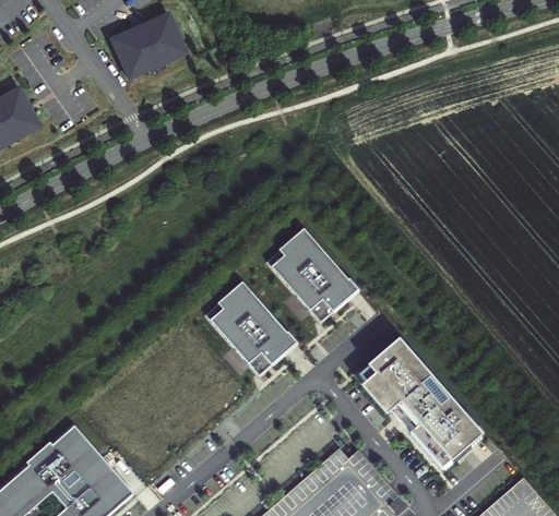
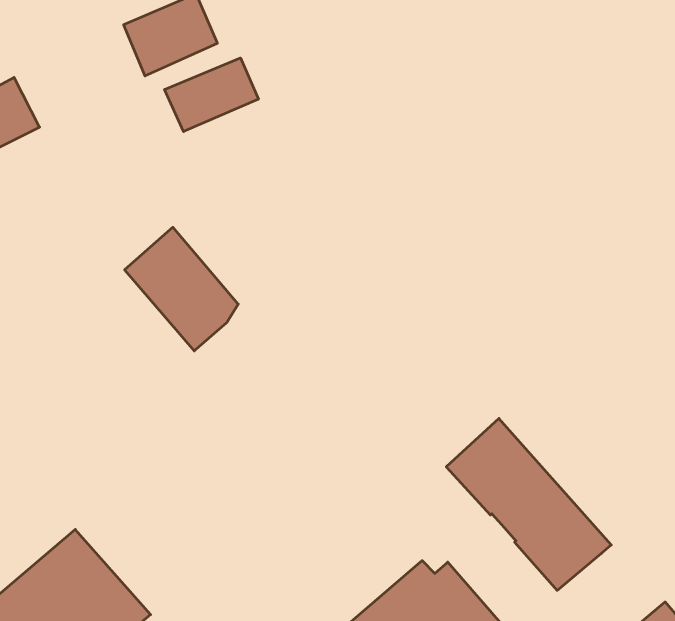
building: none -> [165,58,258,132]
building: [266,228,354,323] -> none
building: [205,281,293,376] -> [125,227,238,351]

